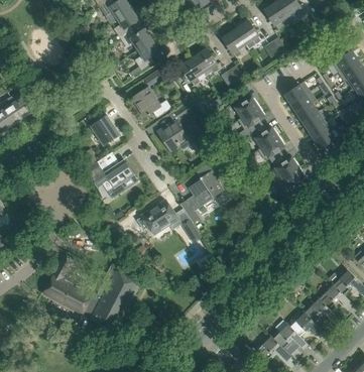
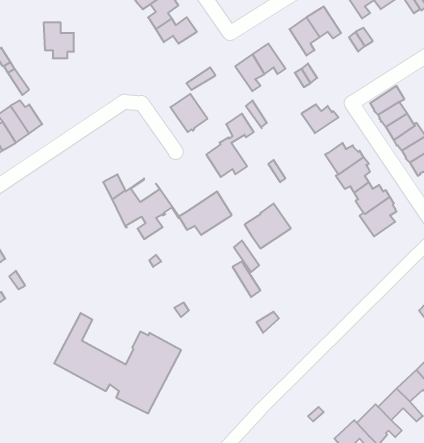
building: [135,39,159,70] -> none
building: [238,105,265,132] -> none
building: [91,115,120,144] -> none
building: [137,200,177,233] -> [179,191,232,235]

